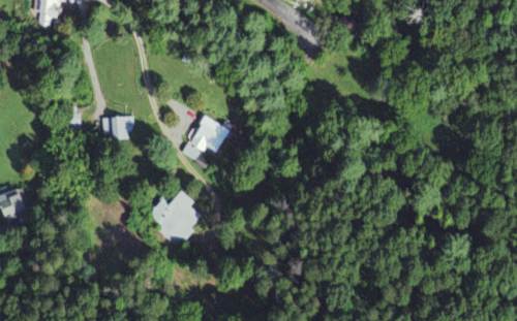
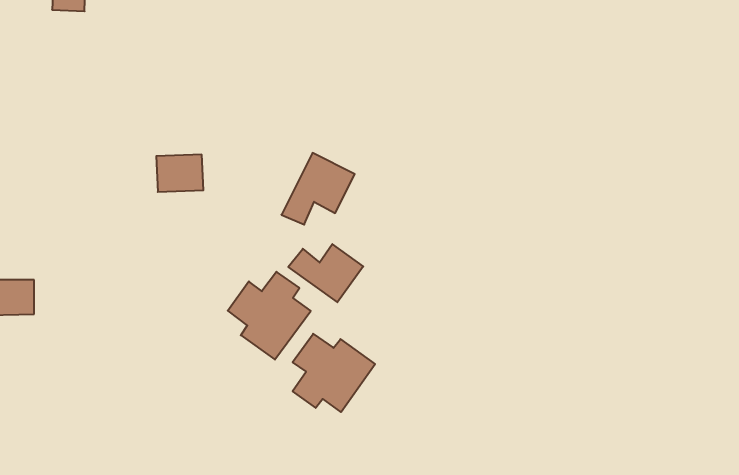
building: none -> [288,244,363,302]
building: none -> [293,334,375,412]

